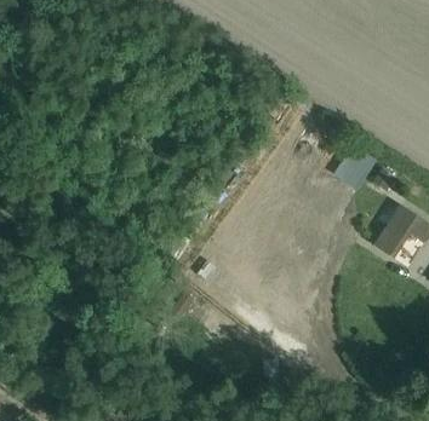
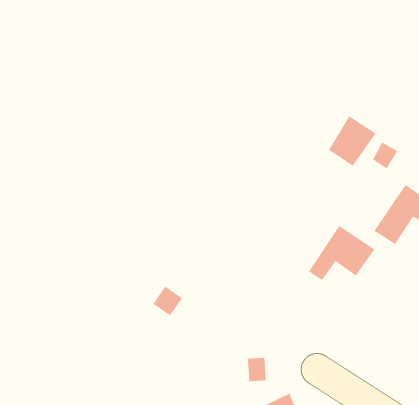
building: none -> [308,225,375,281]

